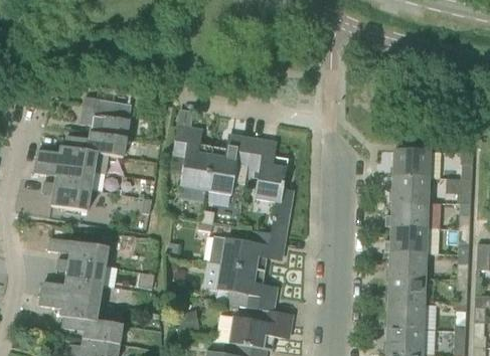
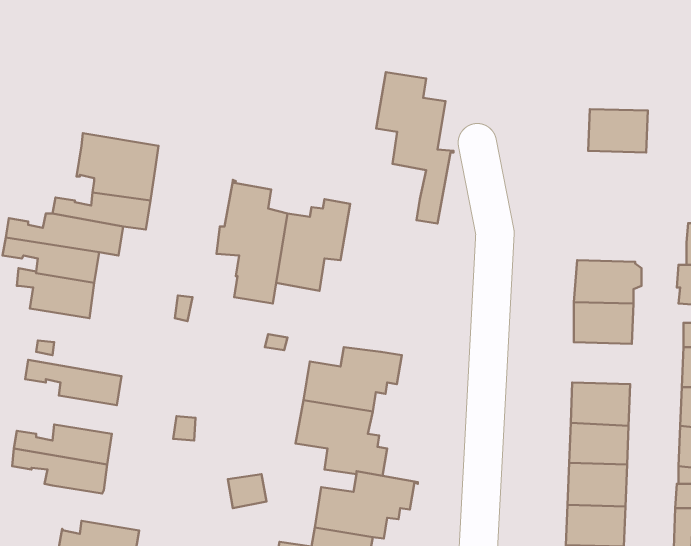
building: [246,140,294,234] -> [376,72,454,223]
building: [393,149,431,176] -> [588,109,648,152]
building: [390,226,440,253] -> none
building: [57,257,120,287] -> none
building: [63,316,123,344] -> none

